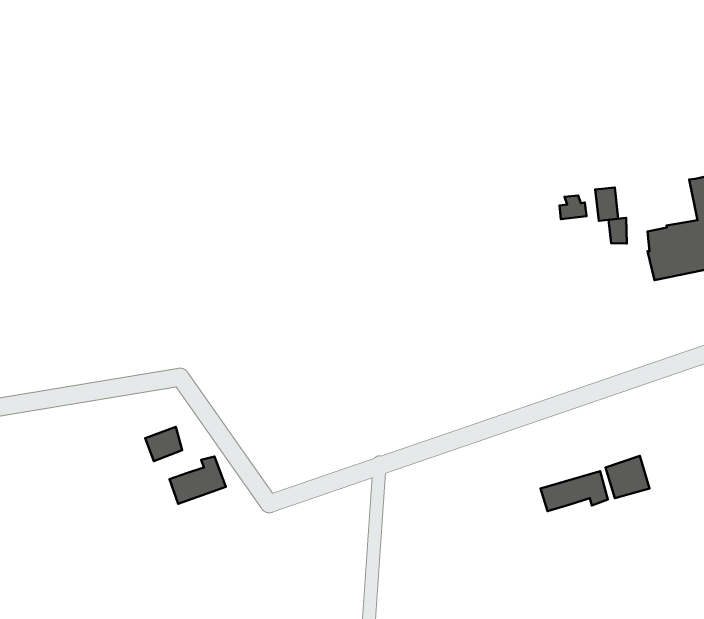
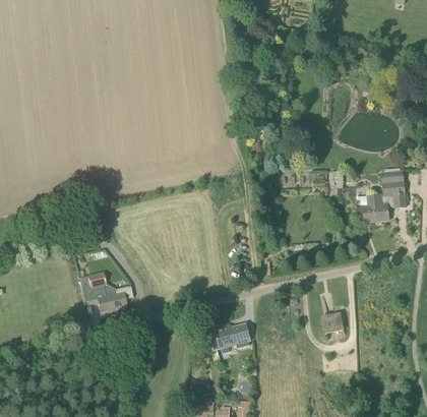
building: [541,471,608,511] -> none
building: none -> [214,323,250,349]

